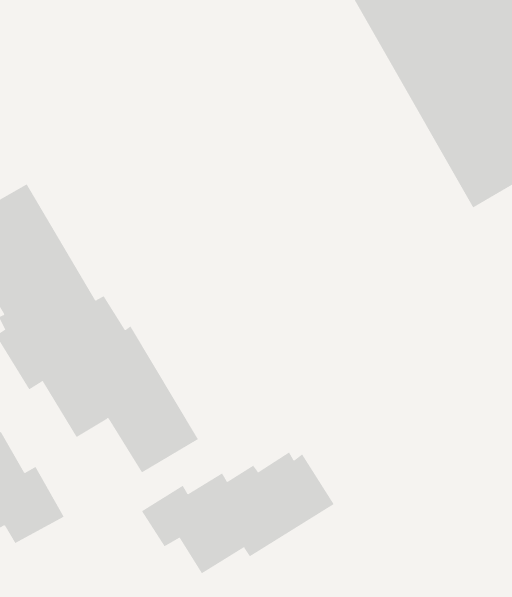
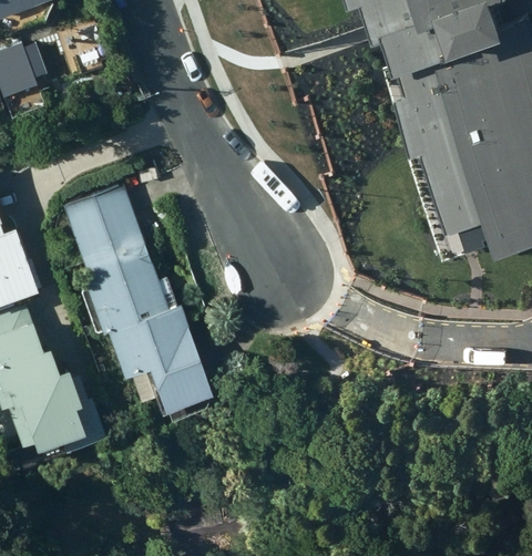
building: [141,451,334,574] -> none

